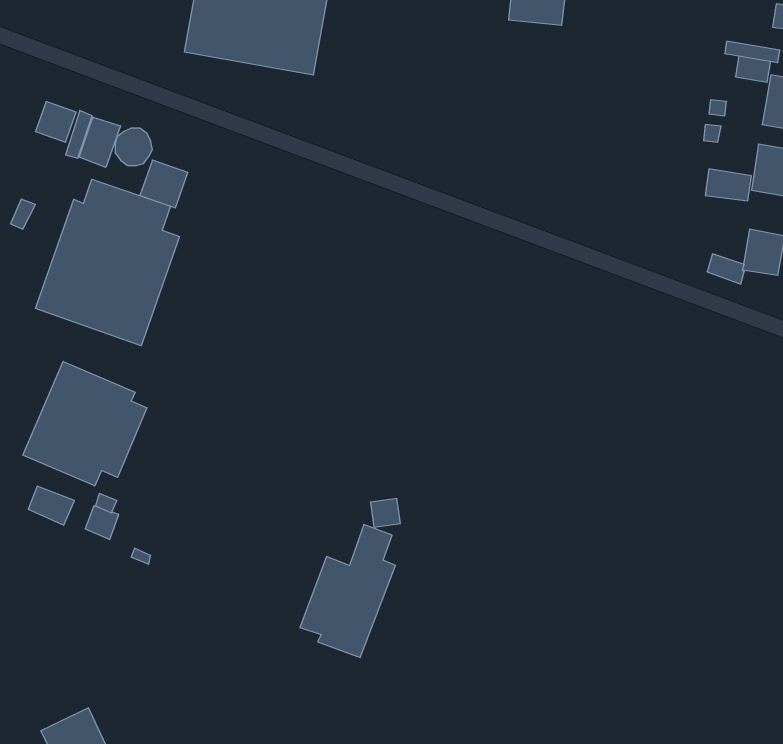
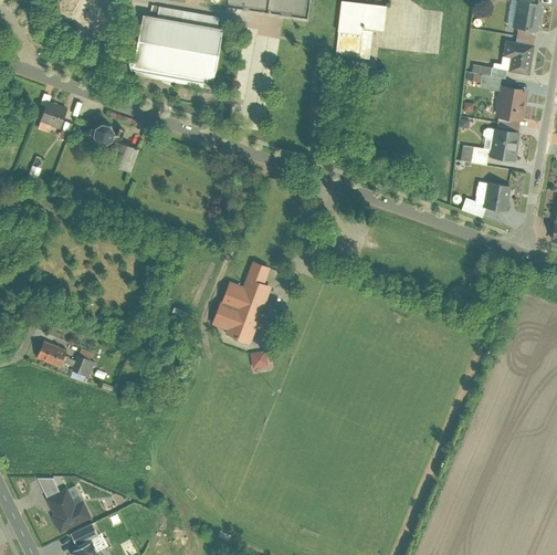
building: [79,117,120,167] -> none
building: [36,179,179,346] -> none
building: [23,361,147,486] -> none
building: [300,525,396,658] -> [212,262,272,345]

